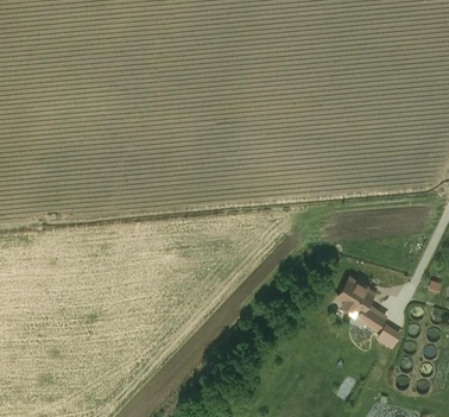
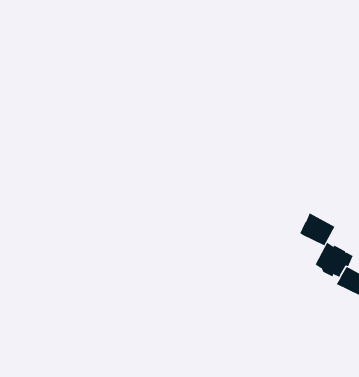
building: none -> [300,213,335,246]

